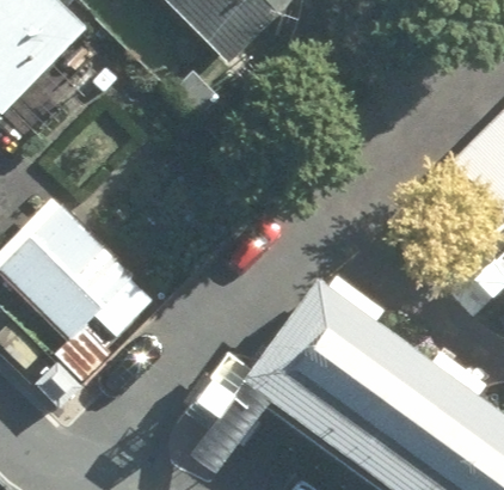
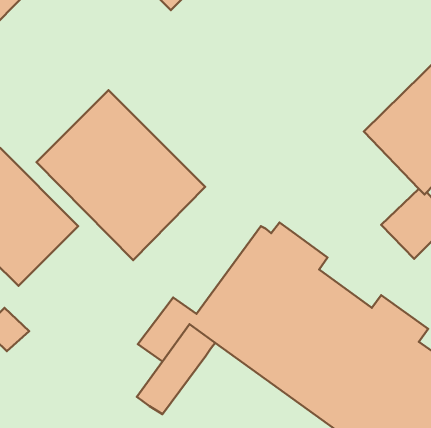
building: none -> [37,90,205,260]

